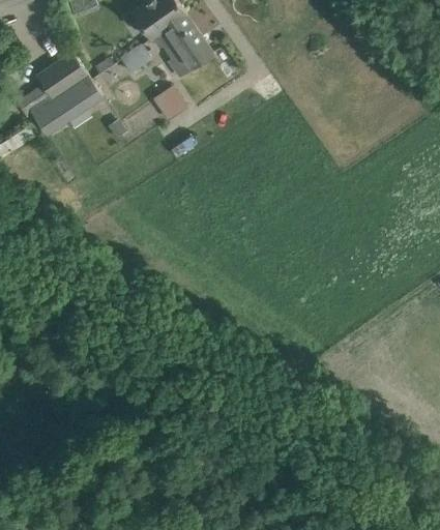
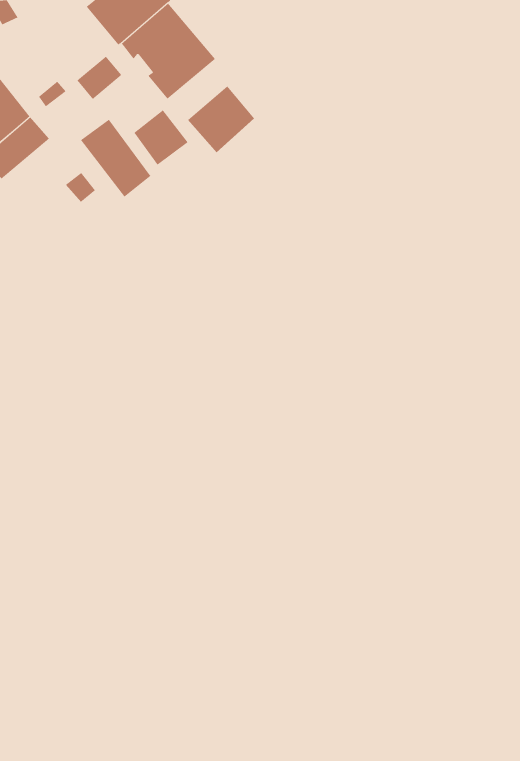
building: none -> [187,86,255,153]
building: none -> [80,119,151,198]

